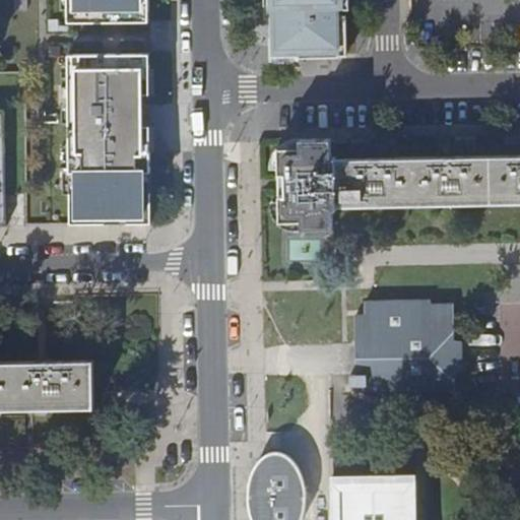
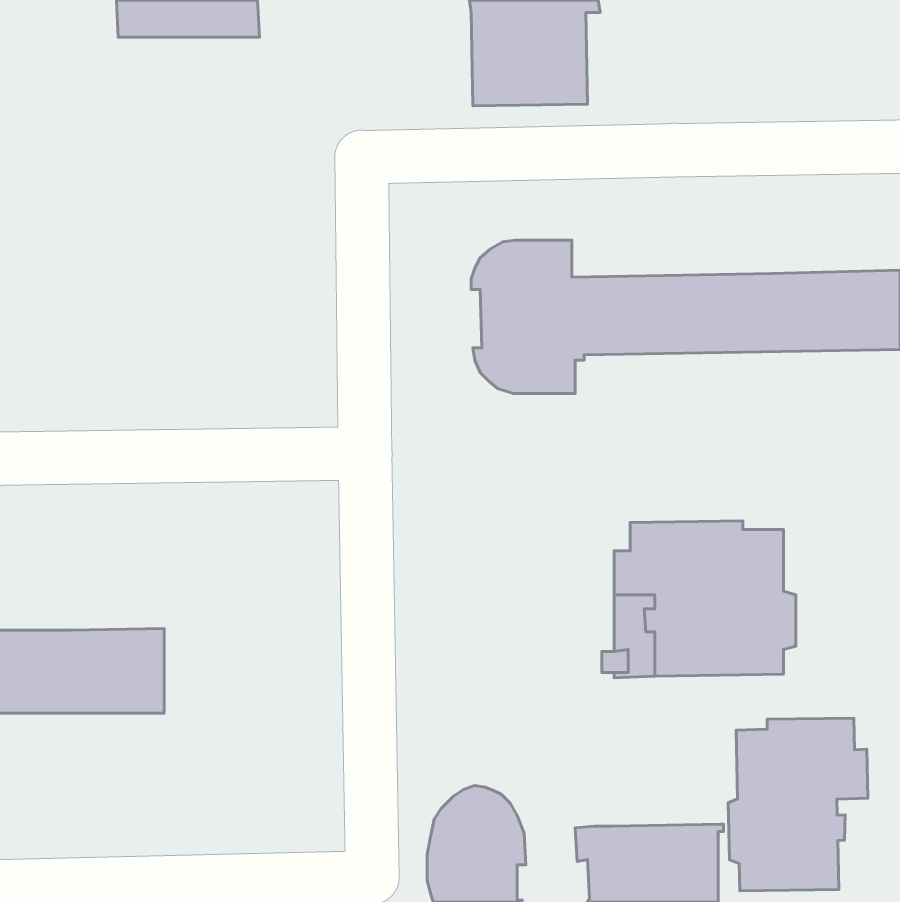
building: [68,51,152,223] -> none
building: none -> [728,718,868,891]

